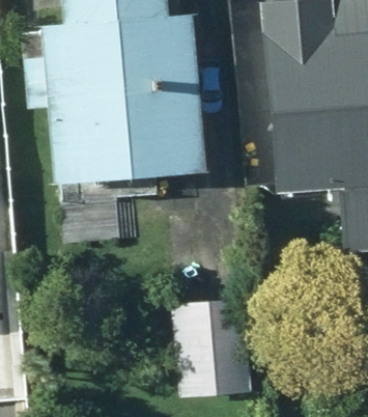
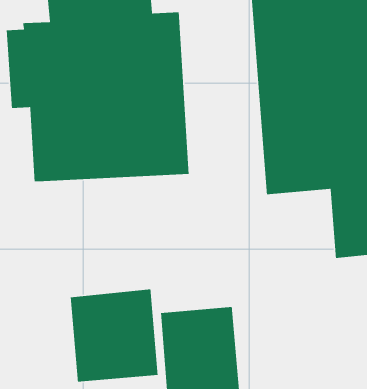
building: none -> [70,288,159,383]

